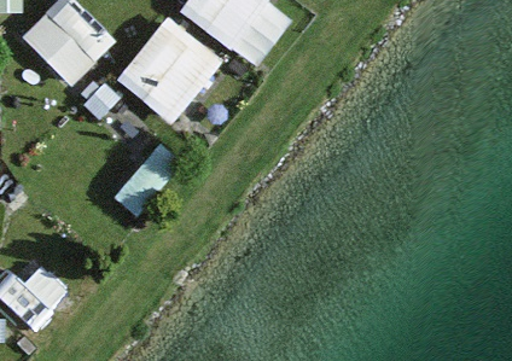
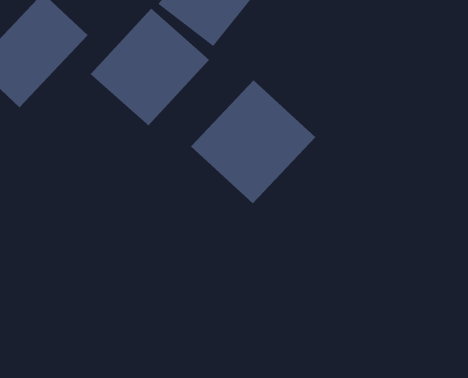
building: none -> [190,80,316,204]

